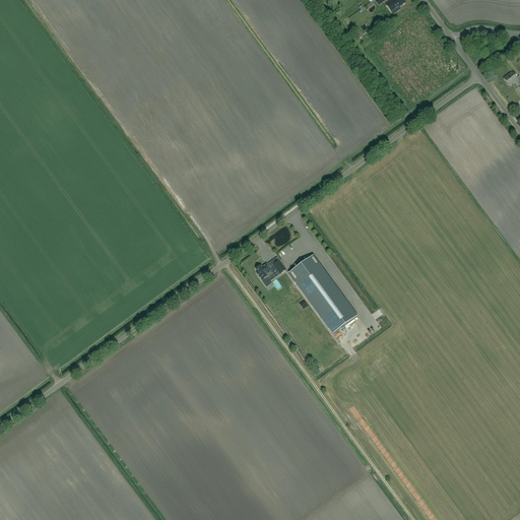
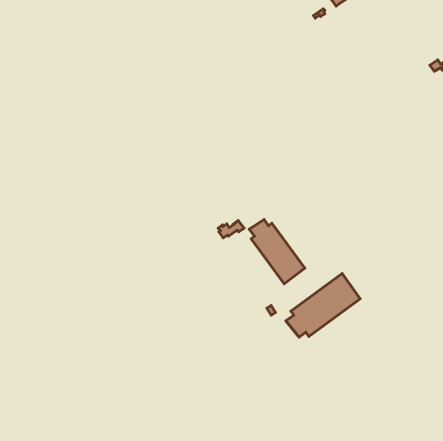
building: none -> [286,274,360,337]

